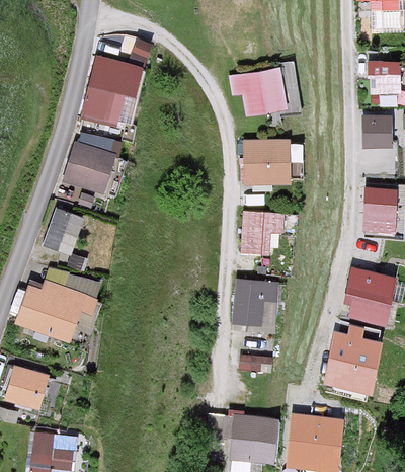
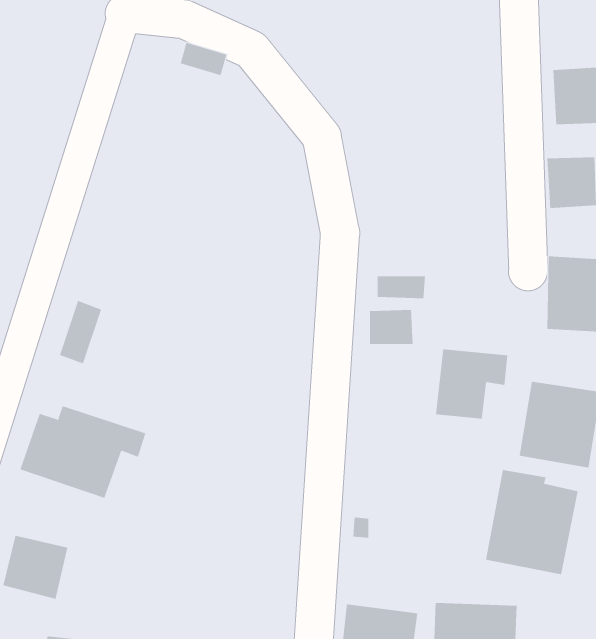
building: [79,56,141,124] -> none
building: [224,71,286,119] -> none
building: [241,143,293,185] -> none
building: [62,144,114,195] -> none
building: [228,280,276,326] -> [435,349,508,419]

